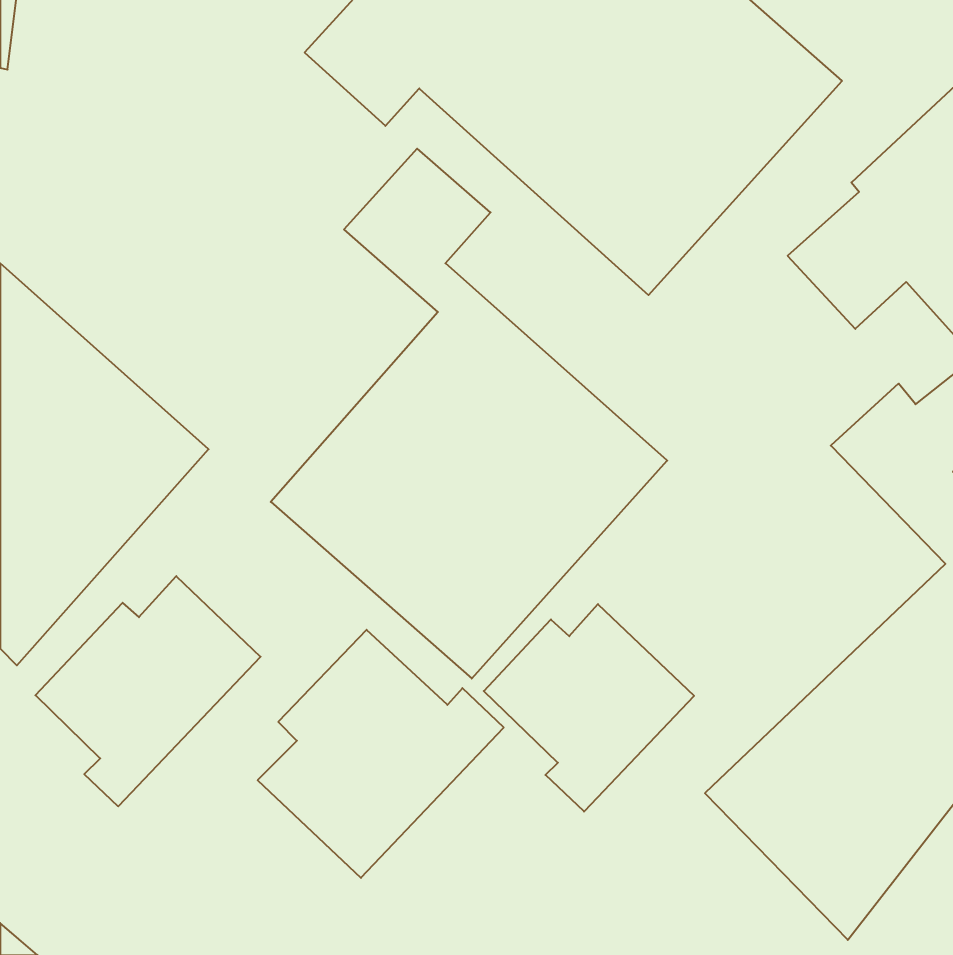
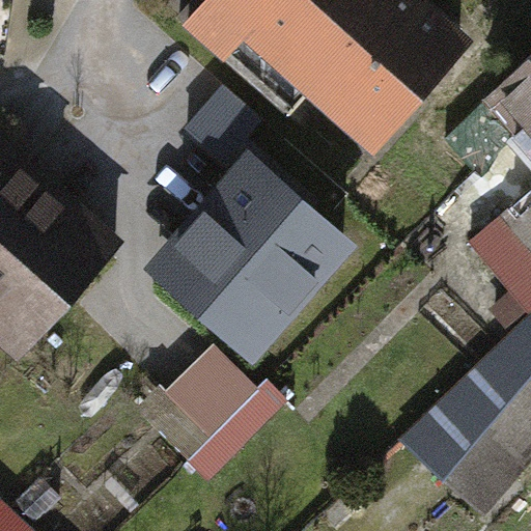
building: [35,576,261,806] -> none
building: [484,604,694,812] -> none

